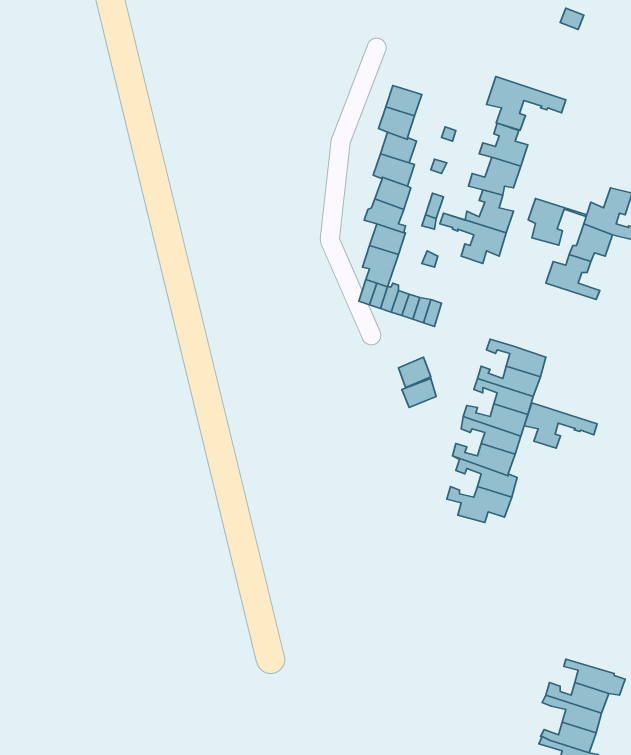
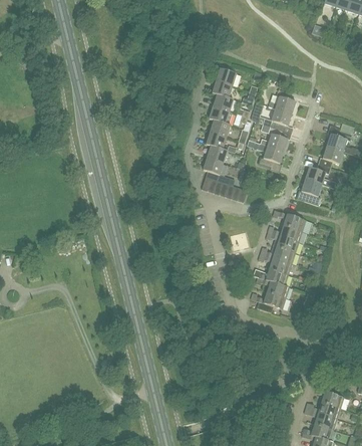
building: [486,77,566,130] -> none
building: [528,198,586,245] -> [301,178,333,204]
building: [524,403,597,448] -> none

